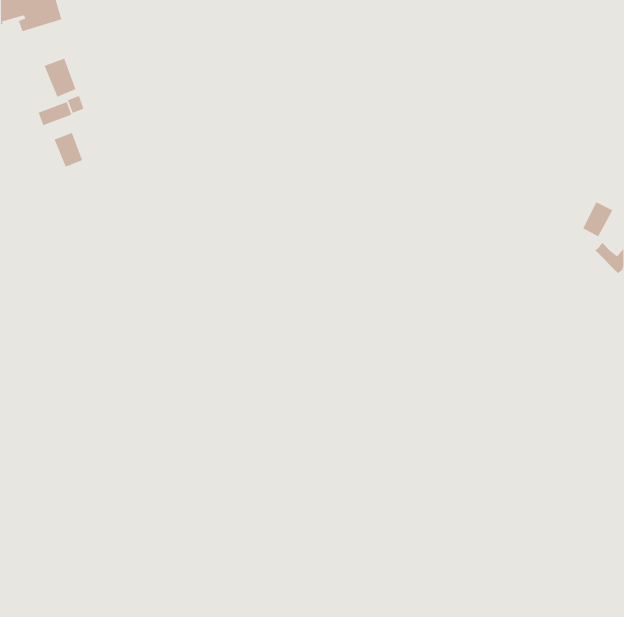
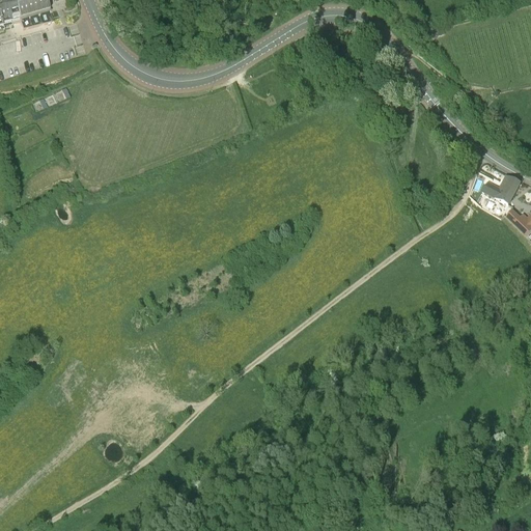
building: [44,58,76,97] -> none
building: [54,132,83,168] -> none

